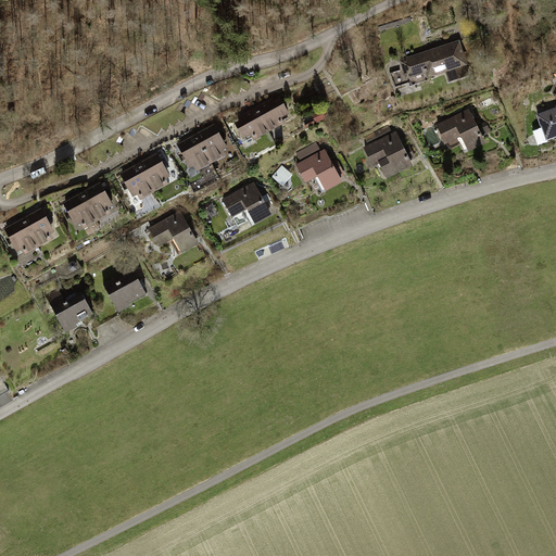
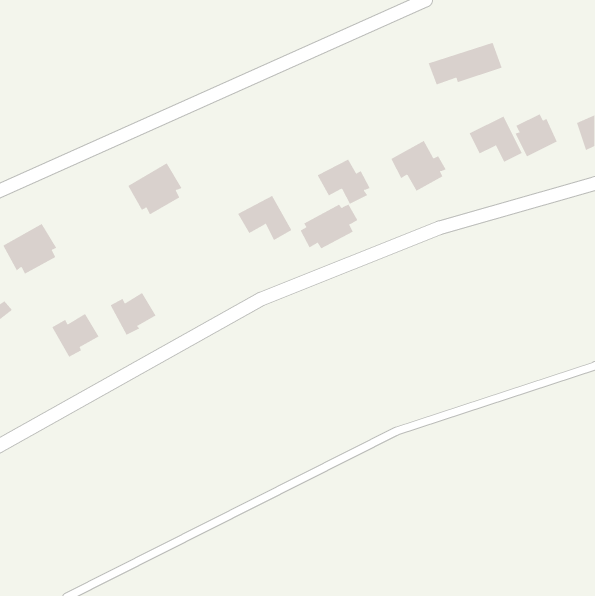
building: [233,98,288,140] -> [300,204,358,249]
building: none -> [515,113,558,157]
building: [175,123,226,172] -> none
building: [61,182,112,230] -> none
building: [147,211,198,253] -> none

